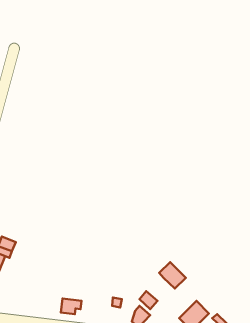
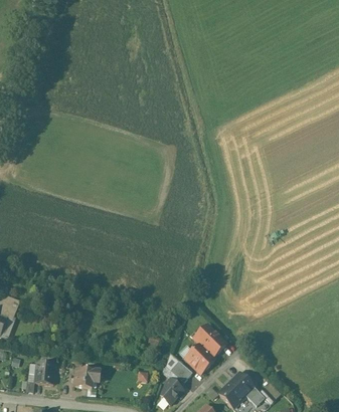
building: none -> [185,344,215,374]
building: none -> [34,362,55,384]

